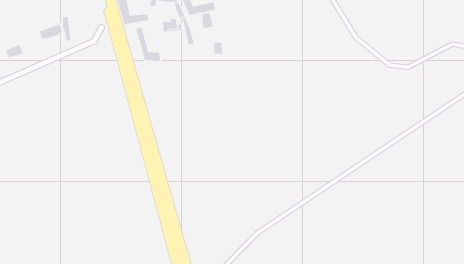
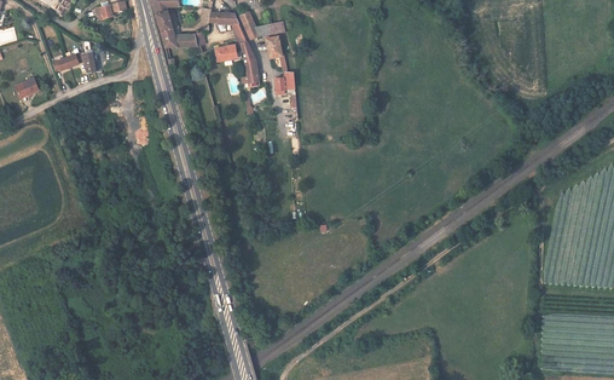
building: [136,27,161,62] -> none

